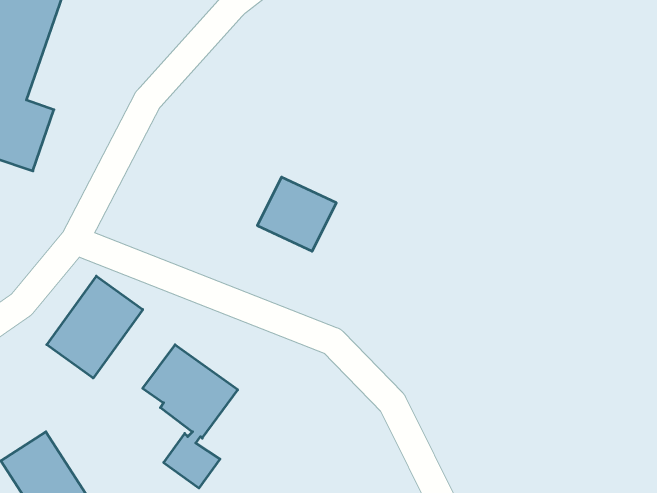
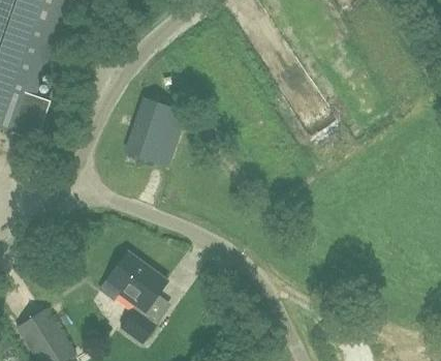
building: [257,177,336,251] -> [130,111,181,158]
building: [47,276,143,378] -> none

